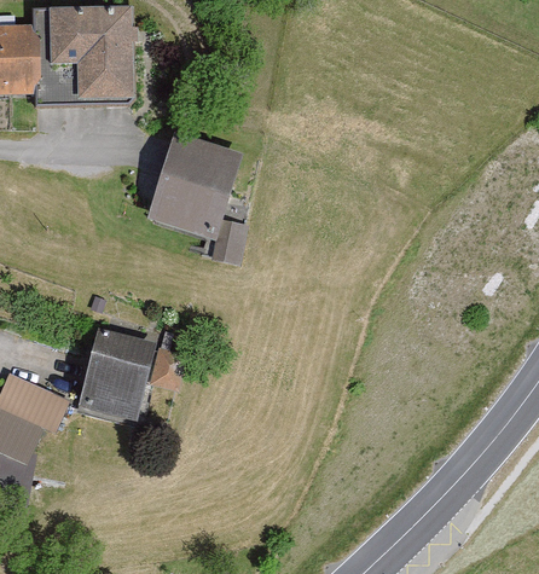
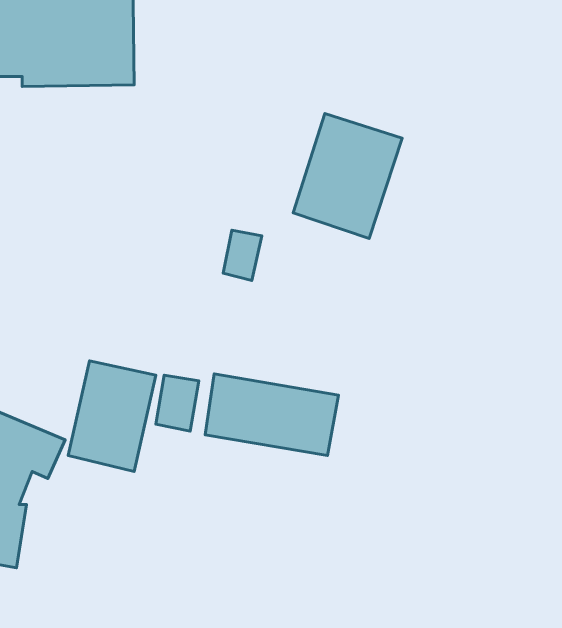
building: [143,132,234,237] -> [293,114,402,239]
building: none -> [205,374,338,455]

